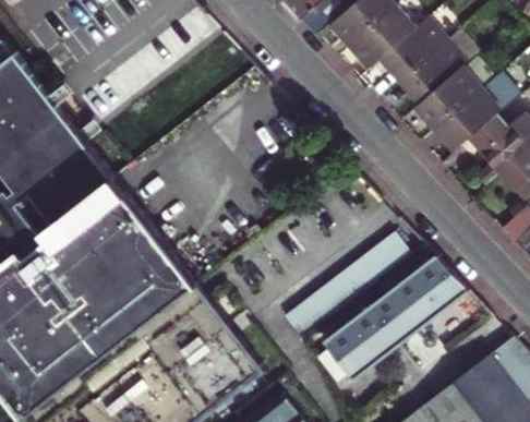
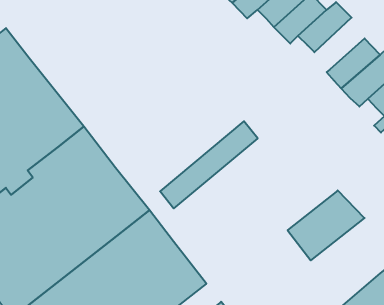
building: [402,37,470,103] -> none
building: [281,229,405,339] -> [160,121,258,208]
building: [321,305,398,382] -> none

